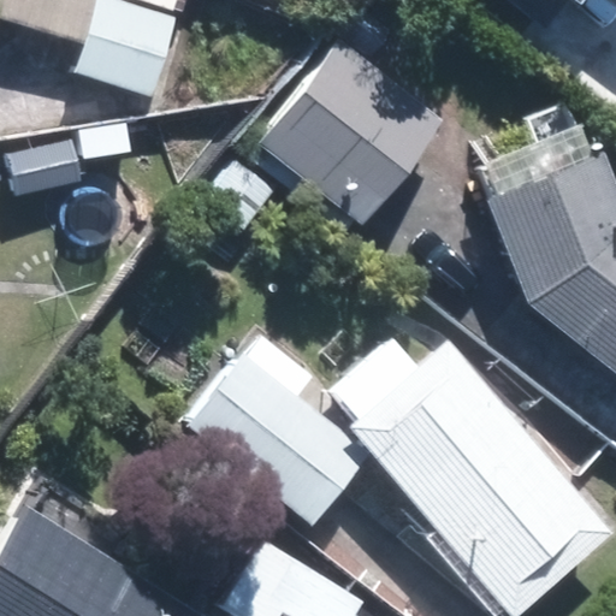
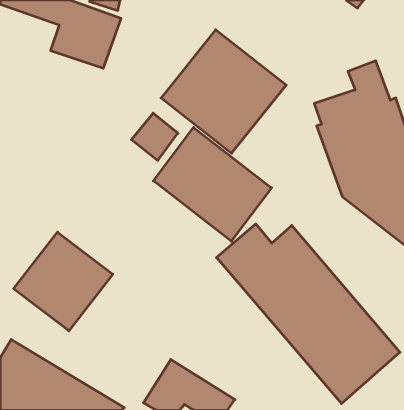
building: none -> [153,127,272,241]
building: none -> [14,232,113,331]
building: [192,356,366,517] -> none

